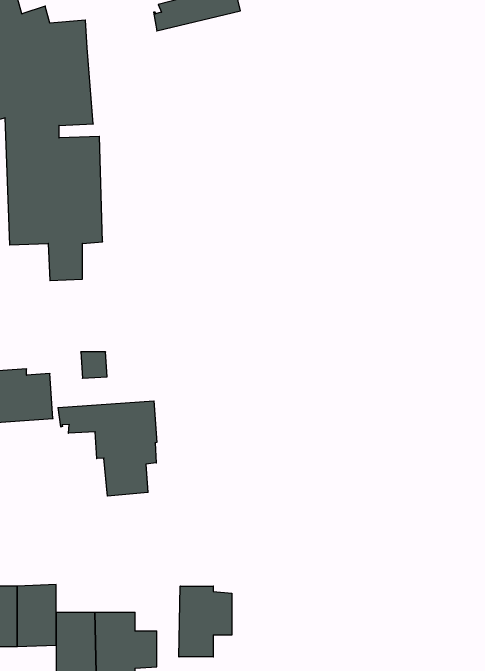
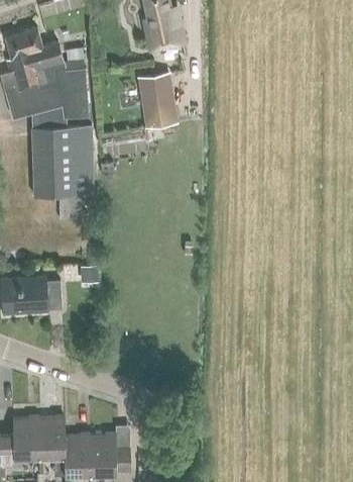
building: none -> [137,72,178,128]
building: [58,401,157,496] -> none
building: [179,586,232,657] -> none

